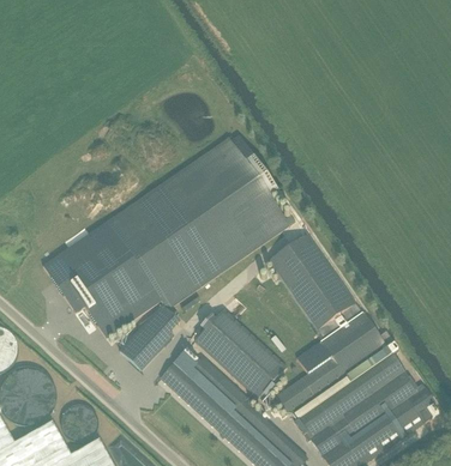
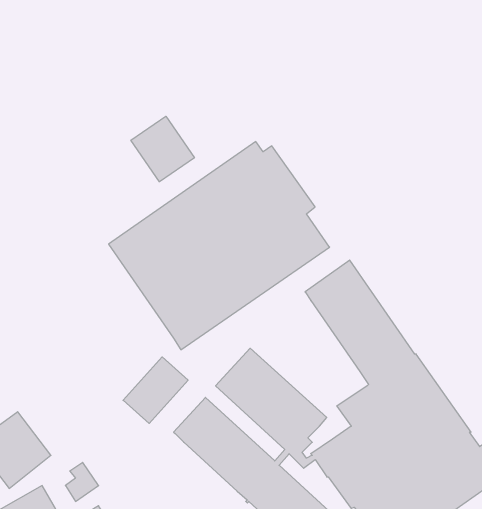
building: none -> [131,116,194,182]
building: [43,222,161,338] -> none

